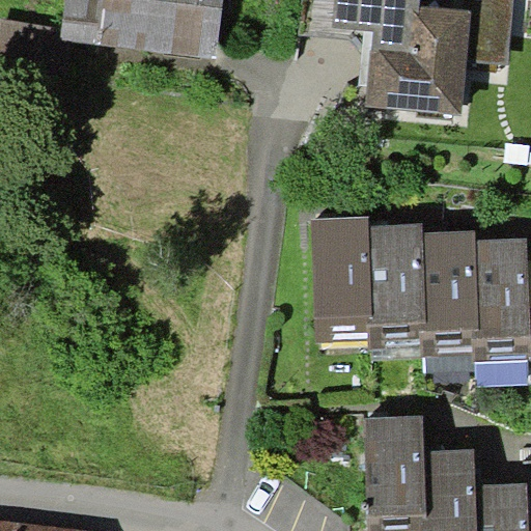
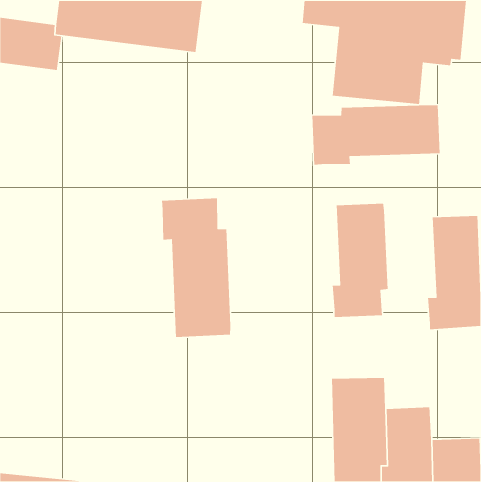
building: none -> [312,104,440,165]
building: [310,215,373,343] -> none
building: none -> [161,197,231,338]
building: [419,229,479,358] -> none

